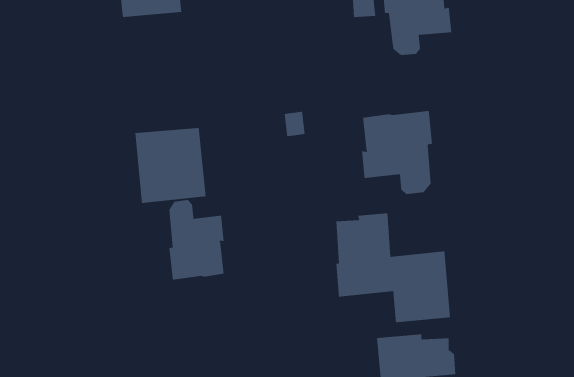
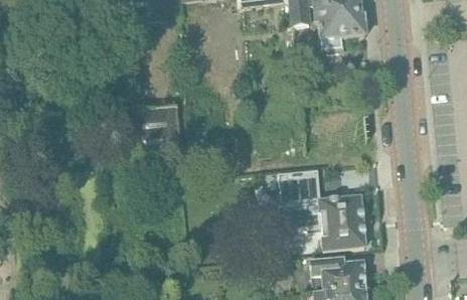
building: [362,110,433,195] -> none
building: [169,199,224,280] -> none

